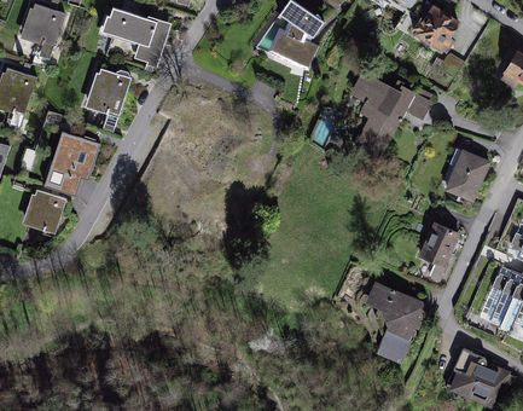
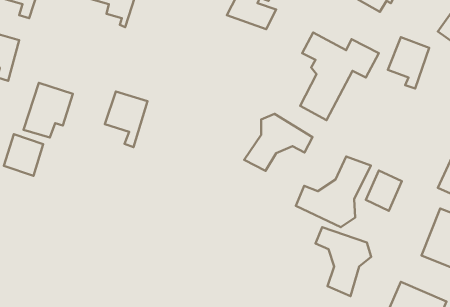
building: [85,64,132,126] -> [105,91,148,147]
building: [444,151,490,208] -> [388,37,429,88]
building: none -> [244,114,313,171]
building: none -> [296,156,371,227]

